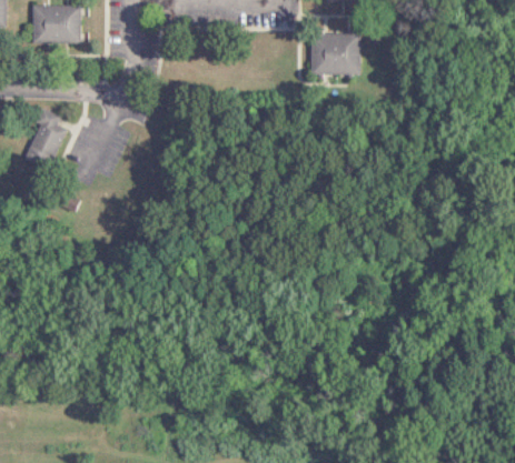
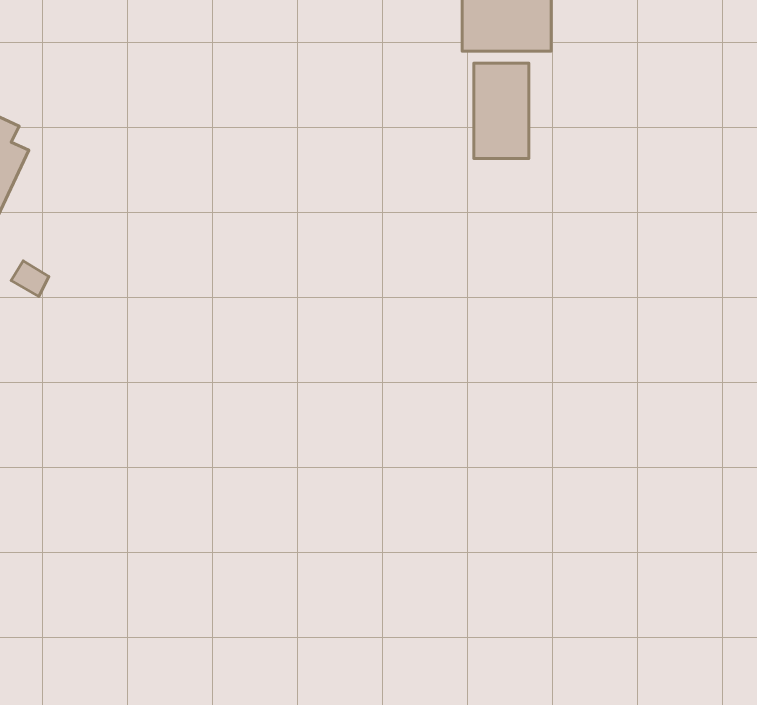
building: none -> [474,63,529,159]

